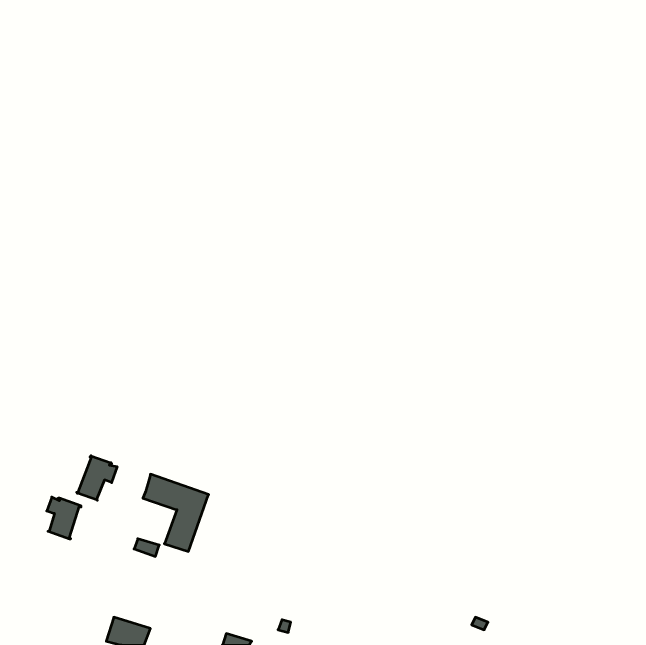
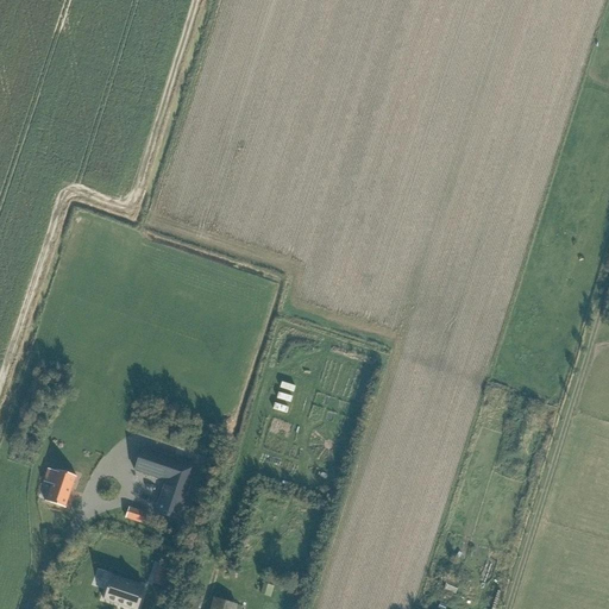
building: [77,456,117,500] -> none

